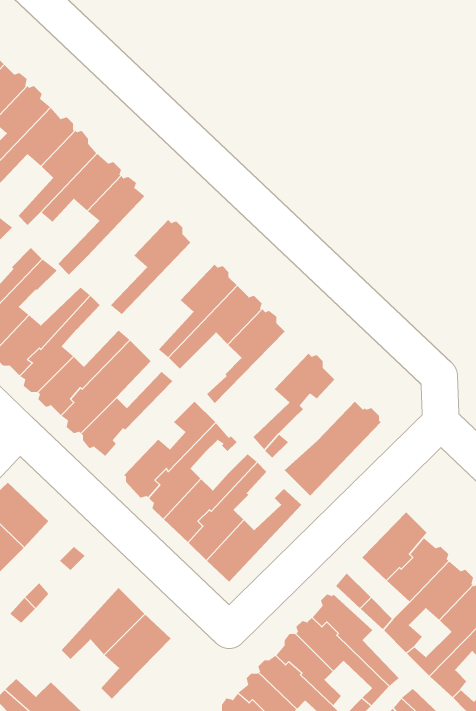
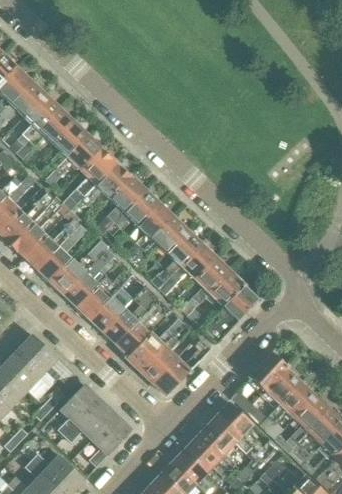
building: none -> [81,161,130,204]
building: none -> [102,189,159,242]
building: none -> [158,243,215,293]
building: none -> [206,272,244,309]
building: none -> [92,273,146,330]
building: none -> [58,383,100,436]

